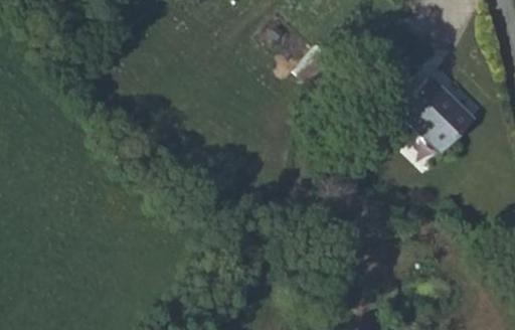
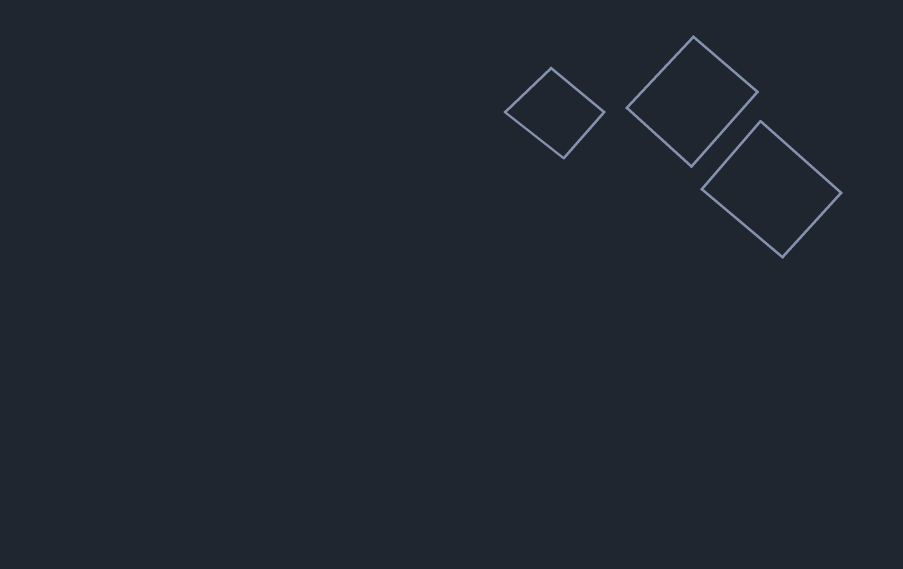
building: none -> [627,37,758,167]

